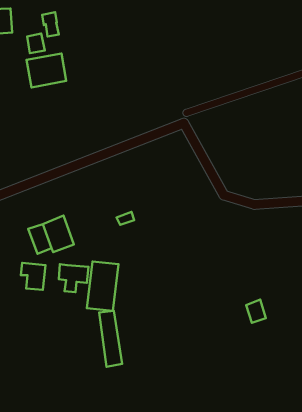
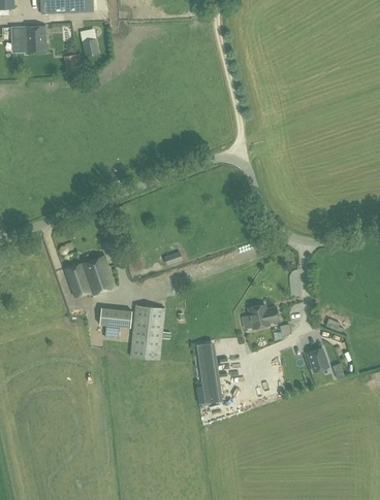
building: [27,53,66,87] -> none
building: none -> [248,303,281,329]
building: [21,263,45,290] -> none
building: [99,311,122,367] -> [196,342,222,404]

